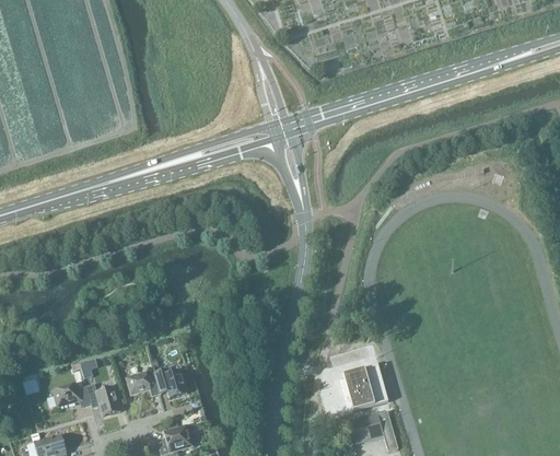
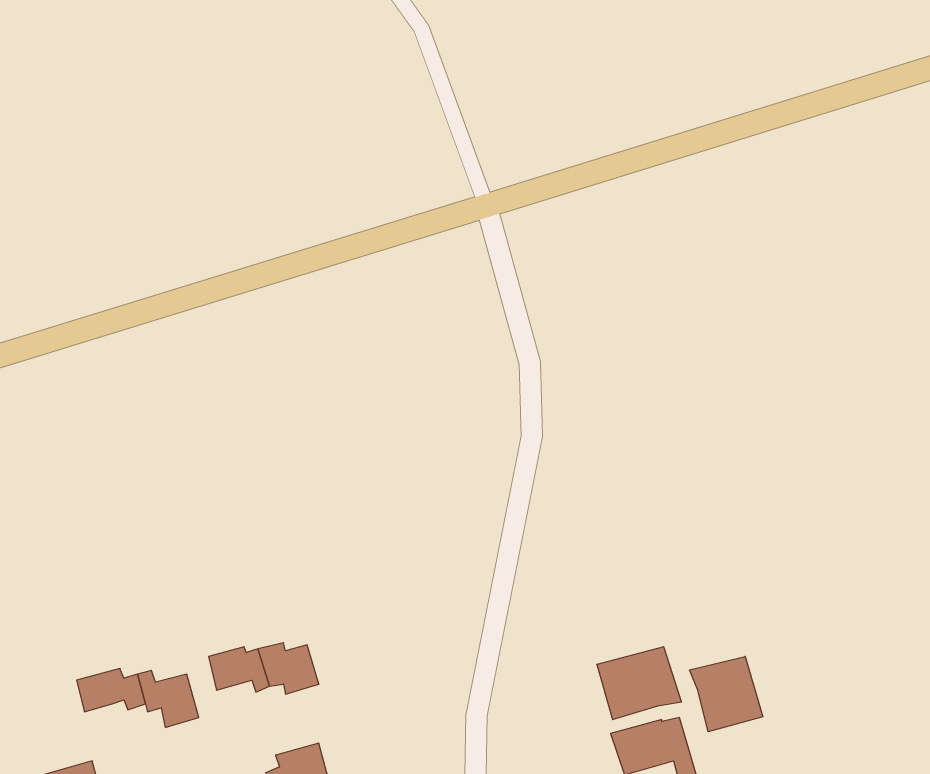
building: none -> [690,656,763,732]

